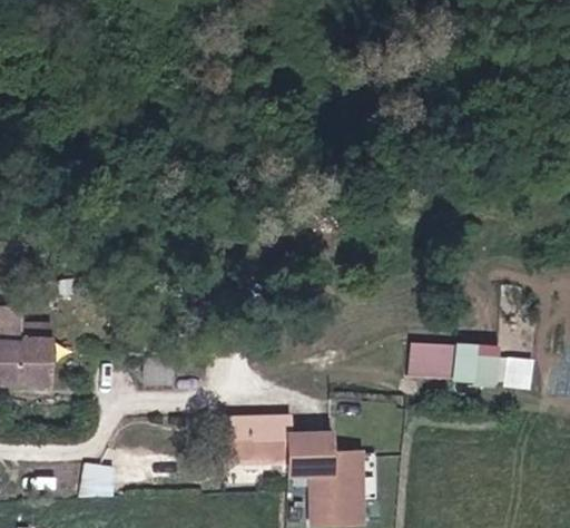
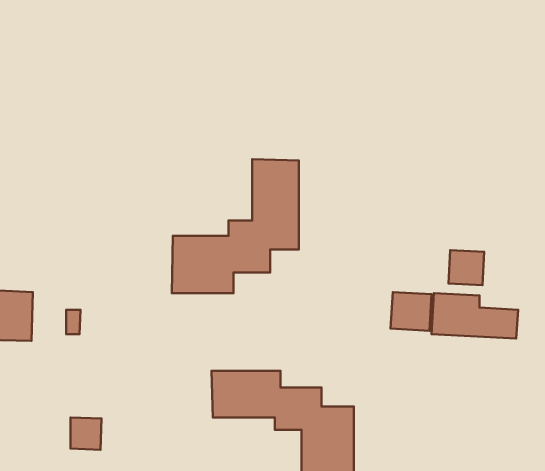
building: none -> [172,159,299,293]
building: none -> [448,250,484,285]

